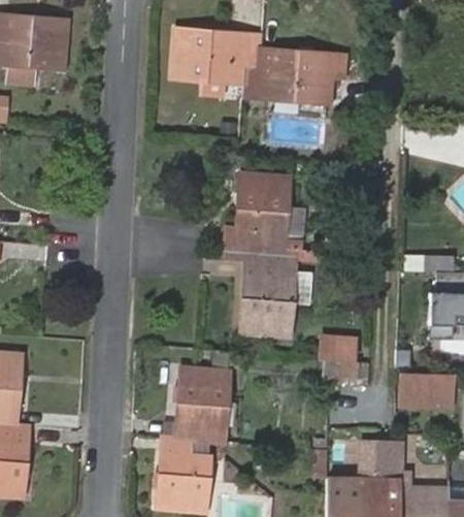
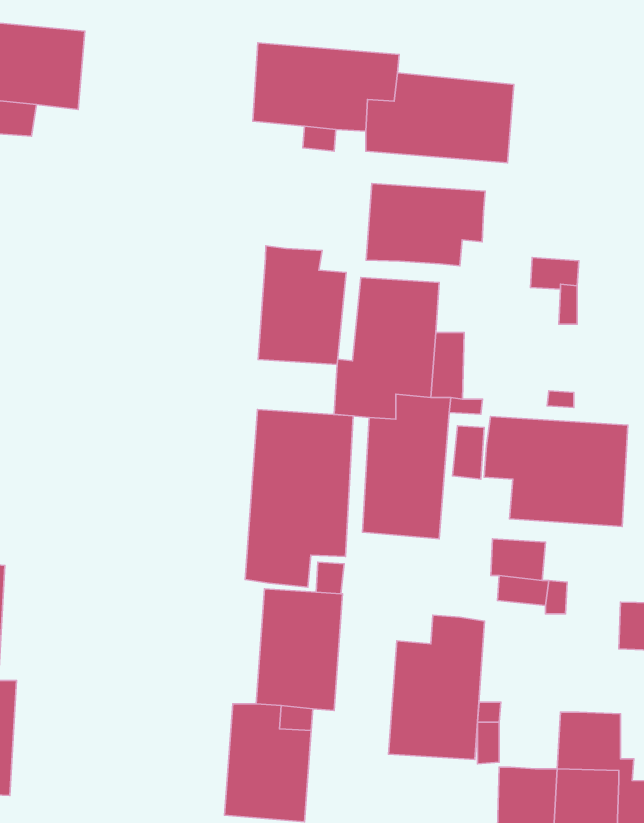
building: none -> [366,183,485,266]
building: none -> [258,246,346,364]
building: none -> [245,409,353,587]
building: none -> [484,416,628,526]
building: none -> [389,615,485,759]

